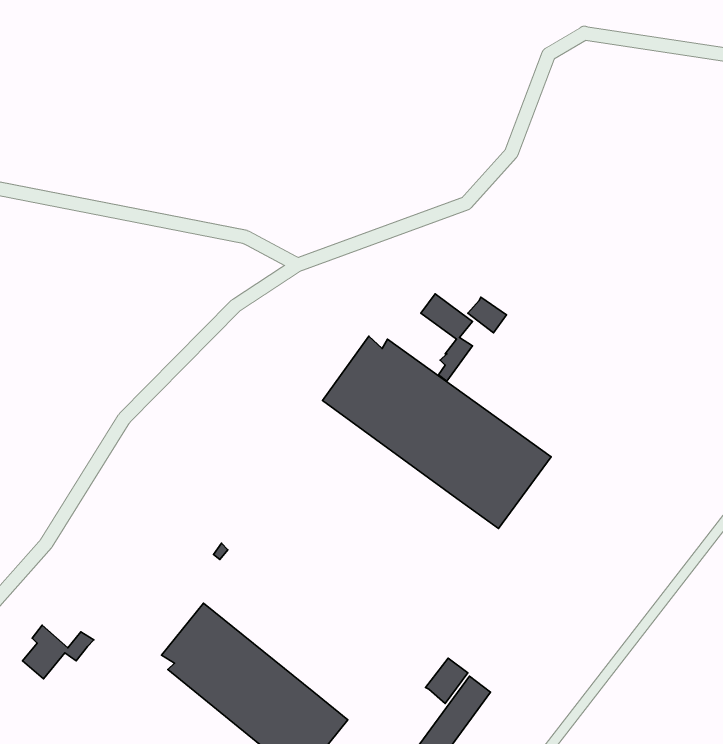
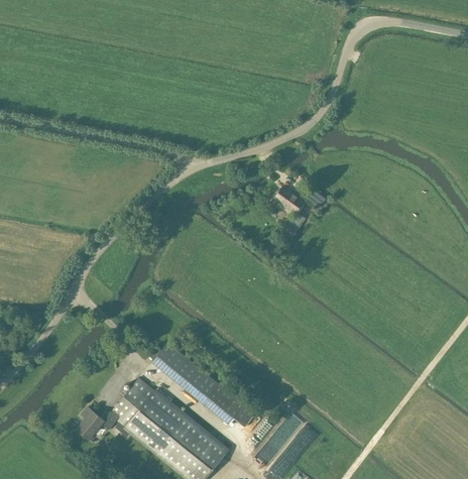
building: [322,336,551,529] -> none
building: none -> [152,341,257,426]
building: [23,625,94,679] -> [77,405,121,439]

